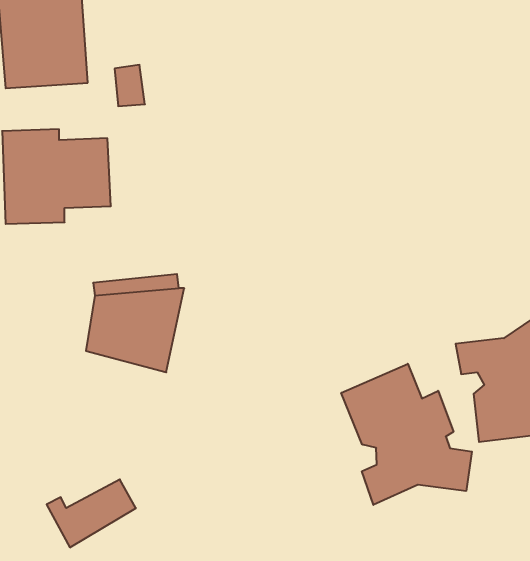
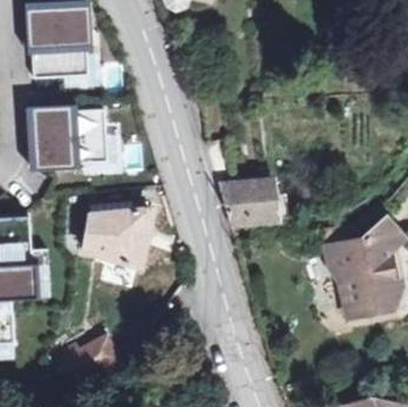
building: none -> [224,180,280,220]
building: [341,364,472,505] -> none

